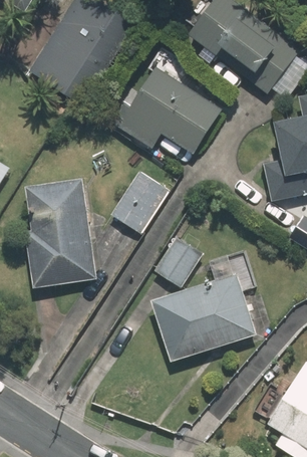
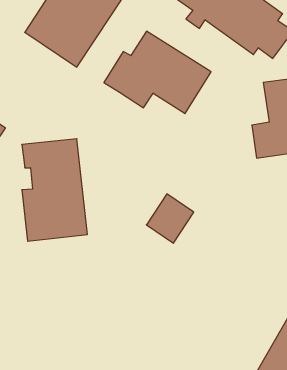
building: [109,171,169,235] -> none
building: [154,250,257,361] -> none

